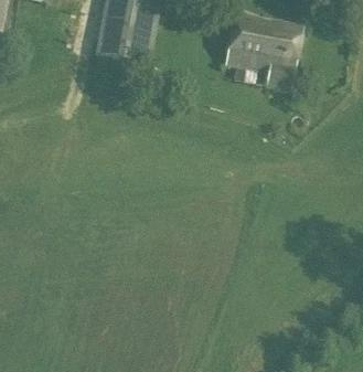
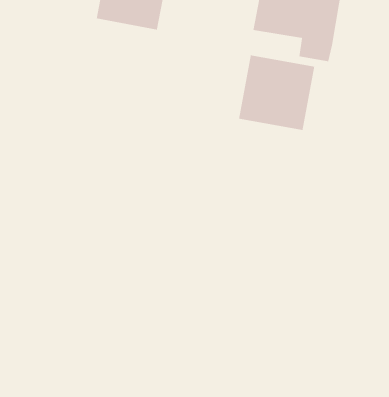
building: none -> [238,54,315,131]

